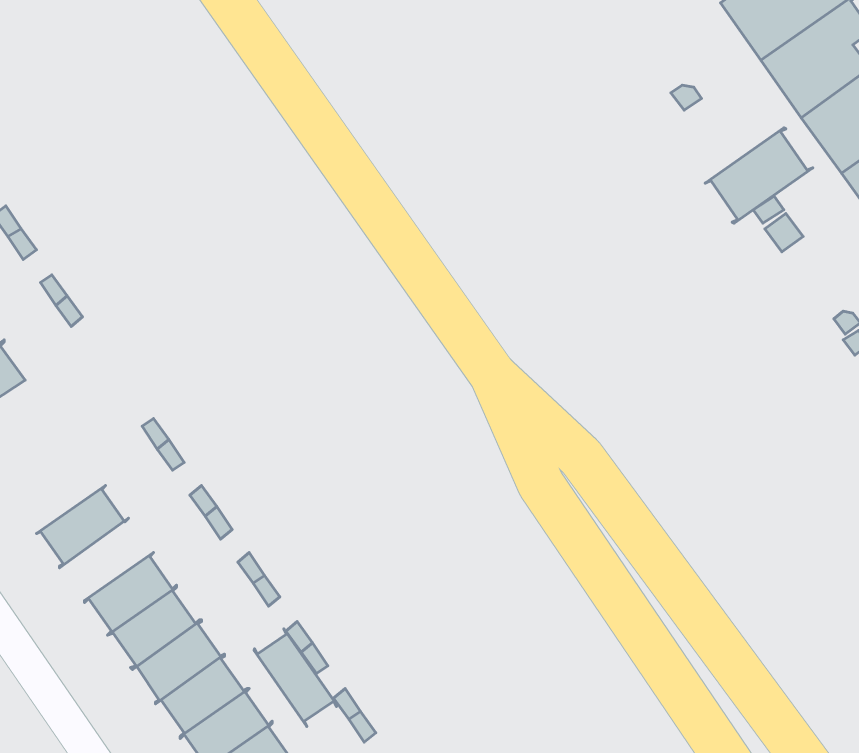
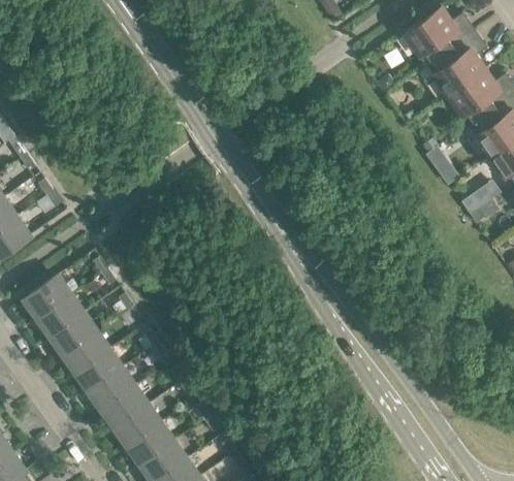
building: [705,128,813,223] -> none
building: none -> [24,276,72,319]
building: none -> [47,311,98,355]
building: [254,629,337,727] -> none

